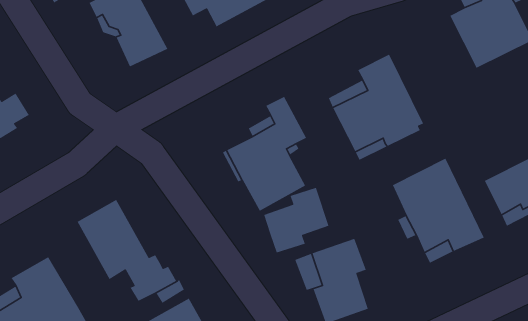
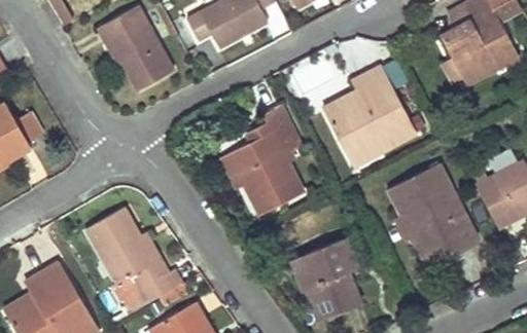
building: [263,187,330,254] -> none

